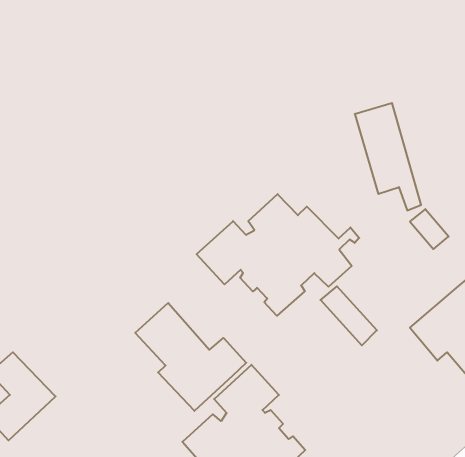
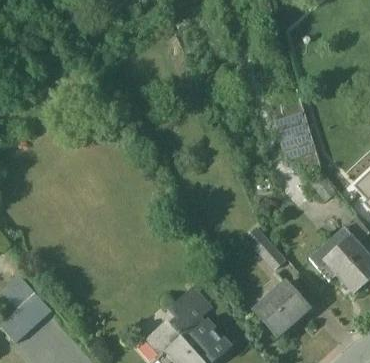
building: [197,194,359,316] -> none
building: [135,303,246,411] -> none
building: none -> [252,279,312,339]

